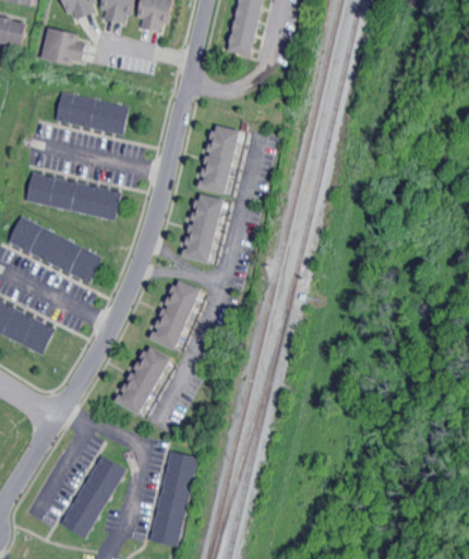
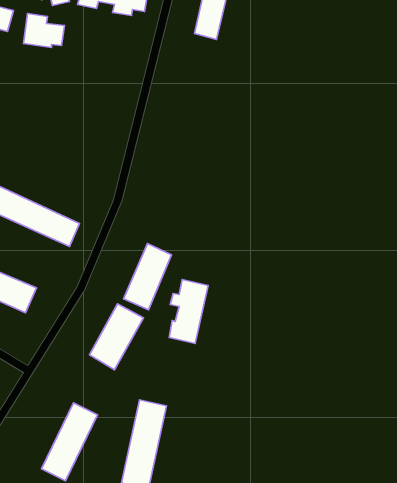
building: [51,92,130,135] -> none
building: [201,124,242,194] -> none
building: [23,171,121,219] -> none
building: [183,193,226,263] -> [169,279,208,343]

